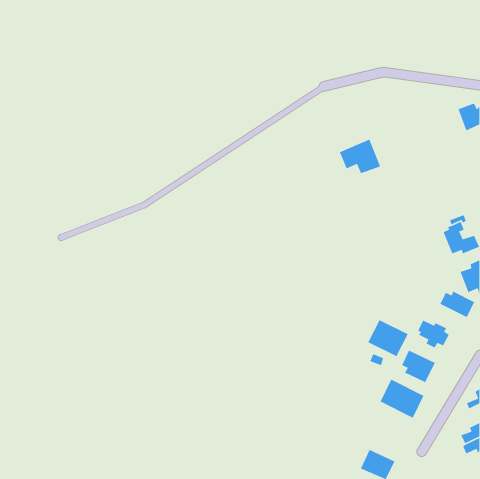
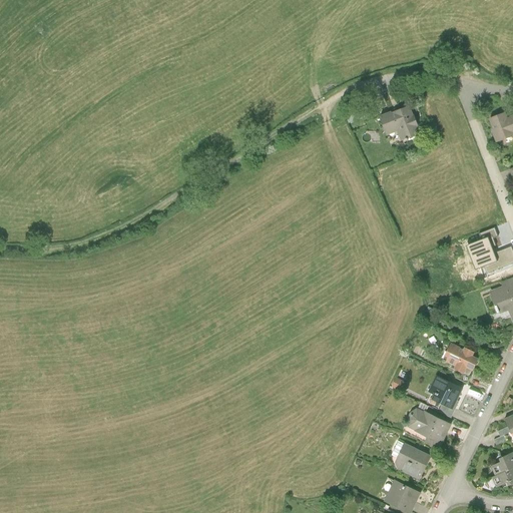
building: [339,139,381,174] -> [378,107,423,145]
building: [439,291,475,318] -> none
building: [367,319,409,357] -> none
building: none -> [393,441,433,480]

